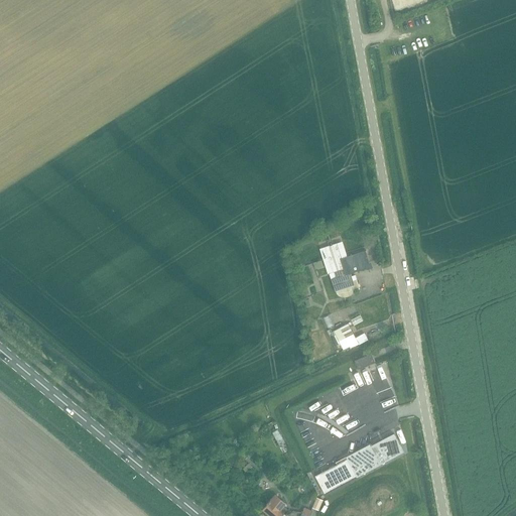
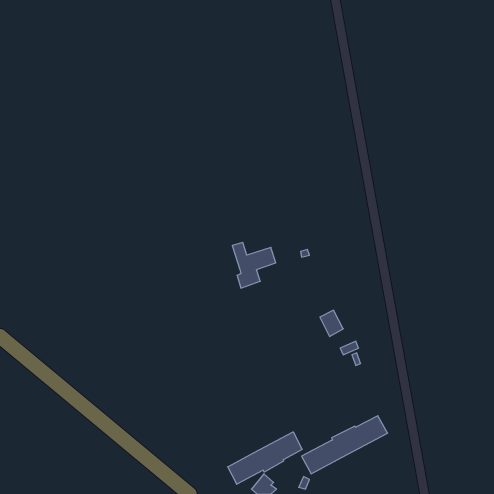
building: [325,244,370,291] -> [232,243,276,288]
building: none -> [228,432,302,484]

